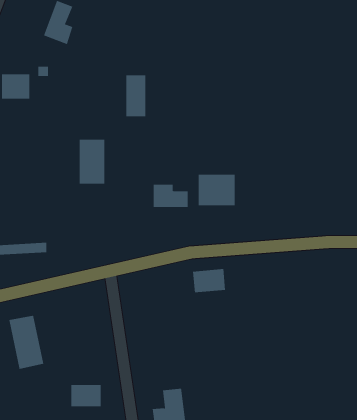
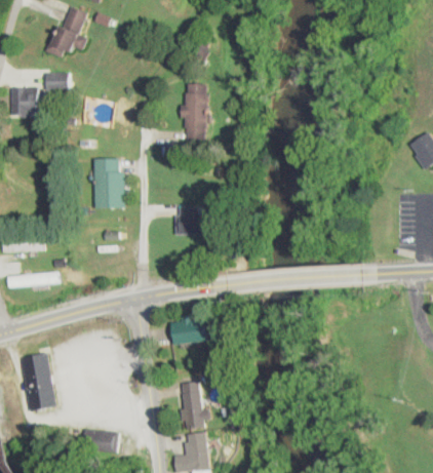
building: [126,75,146,117] -> [184,85,206,131]
building: [198,174,235,206] -> none
building: [192,269,226,293] -> [173,318,210,345]
building: none -> [178,381,206,430]

